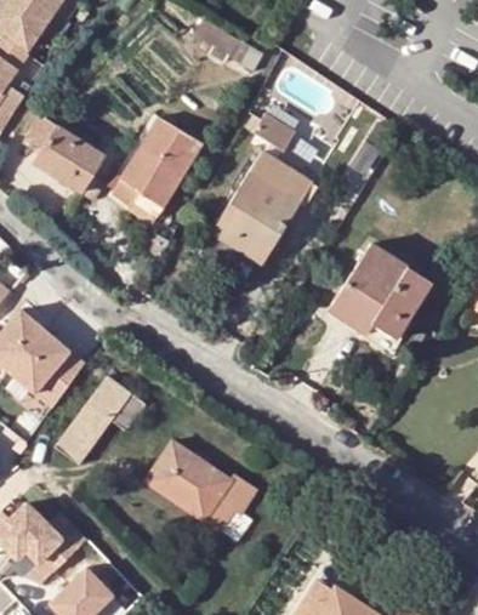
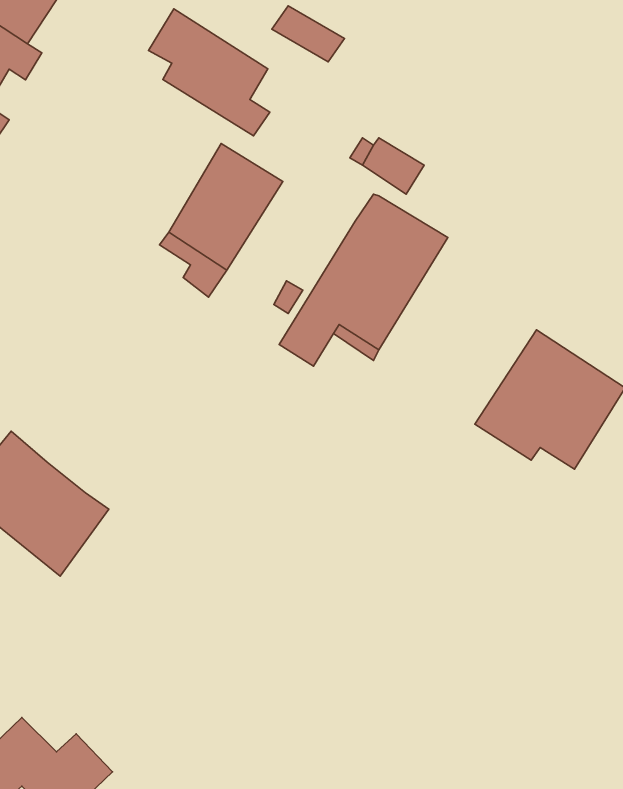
building: [23,115,104,200] -> [148,9,270,136]
building: [55,377,142,462] -> none
building: [146,442,258,546] -> none

